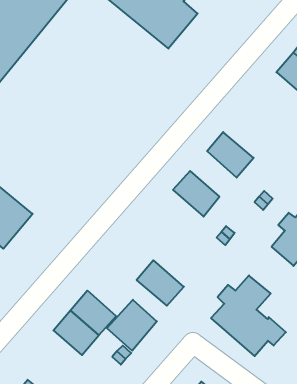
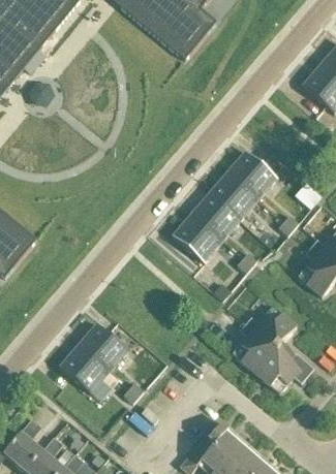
building: none -> [208,170,258,220]
building: [137,260,184,306] -> [171,213,222,262]
building: [107,300,157,351] -> none

